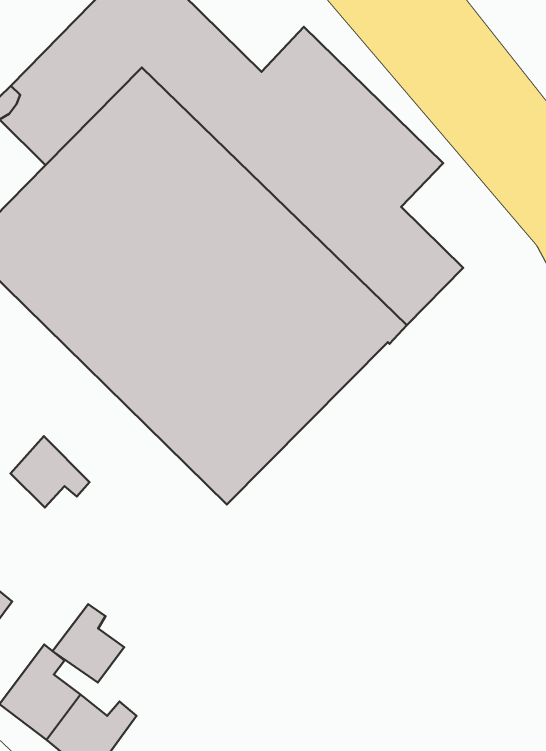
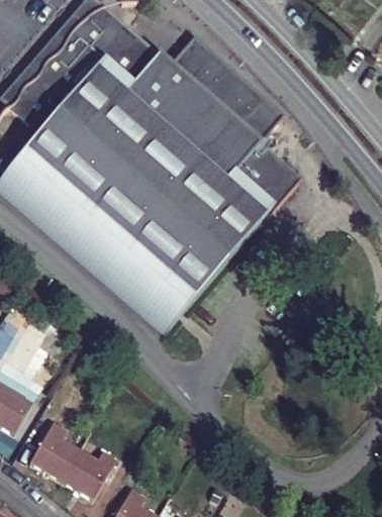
building: [10,436,89,508] -> none
building: [52,604,124,682] -> none

